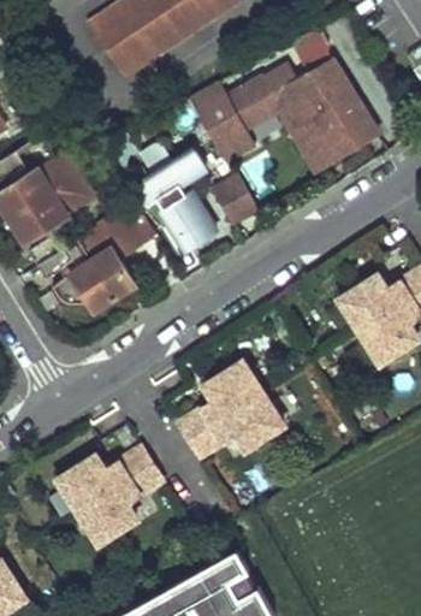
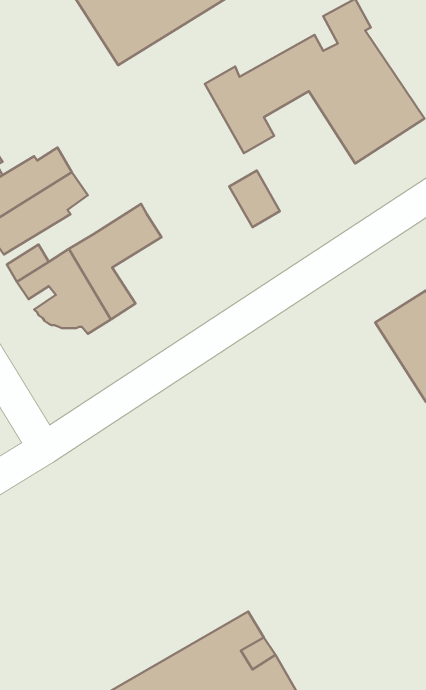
building: [138,140,219,248] -> none
building: [177,360,281,456] -> none
building: [54,448,160,543] -> none

